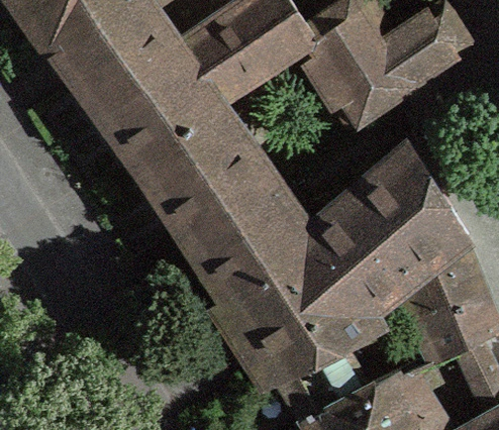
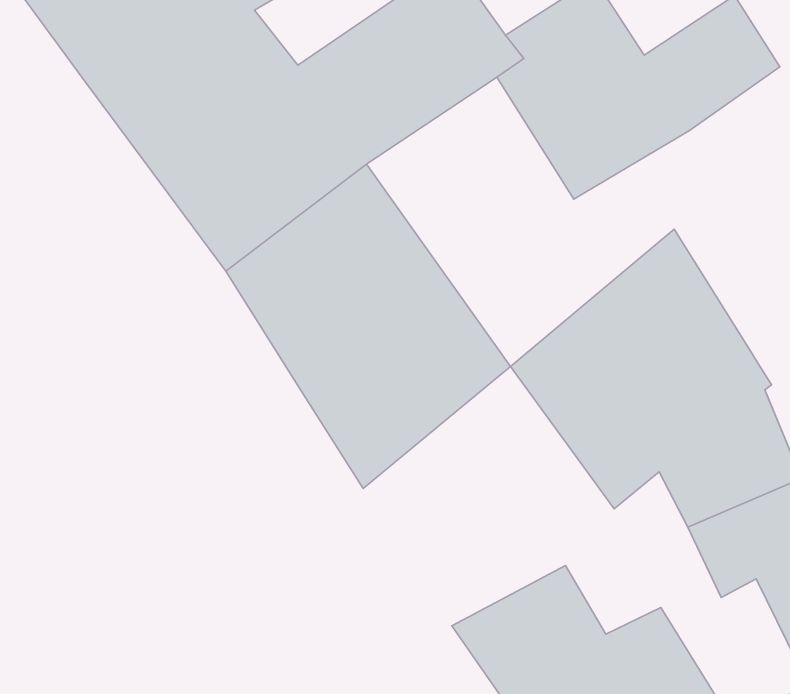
building: [221,227,381,384] -> none

